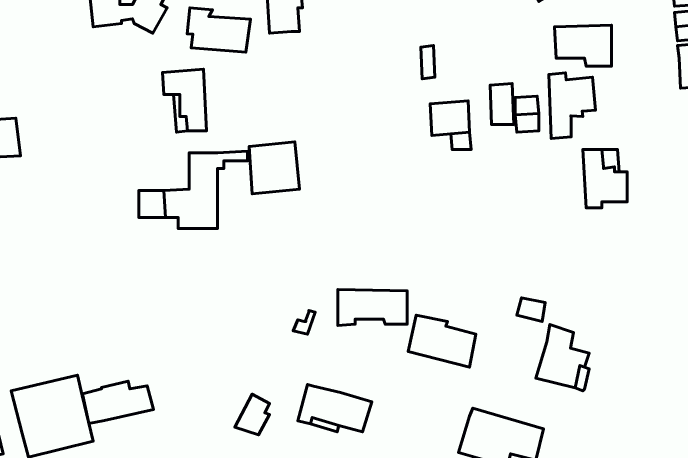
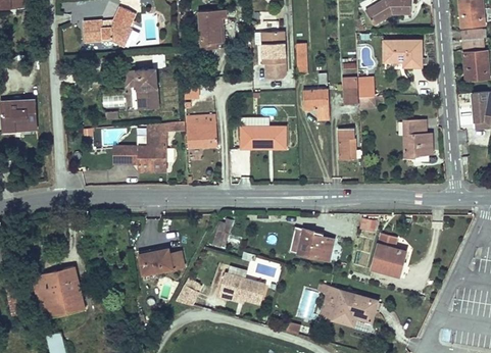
building: [187,8,250,52] -> none
building: none -> [260,32,285,80]
building: [549,73,596,139] -> none
building: none -> [338,130,355,160]
building: [338,289,407,326] -> [241,127,286,150]
building: [83,381,153,424] -> [139,248,185,275]

